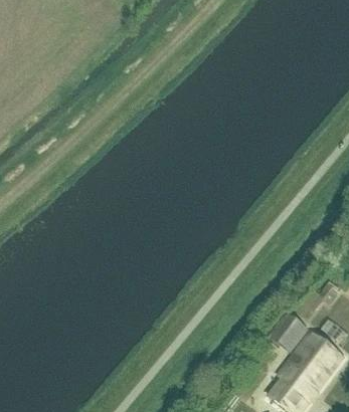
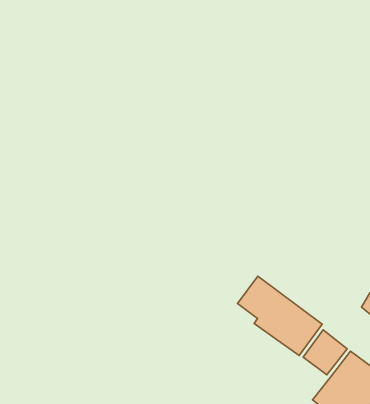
building: none -> [238,276,322,356]

